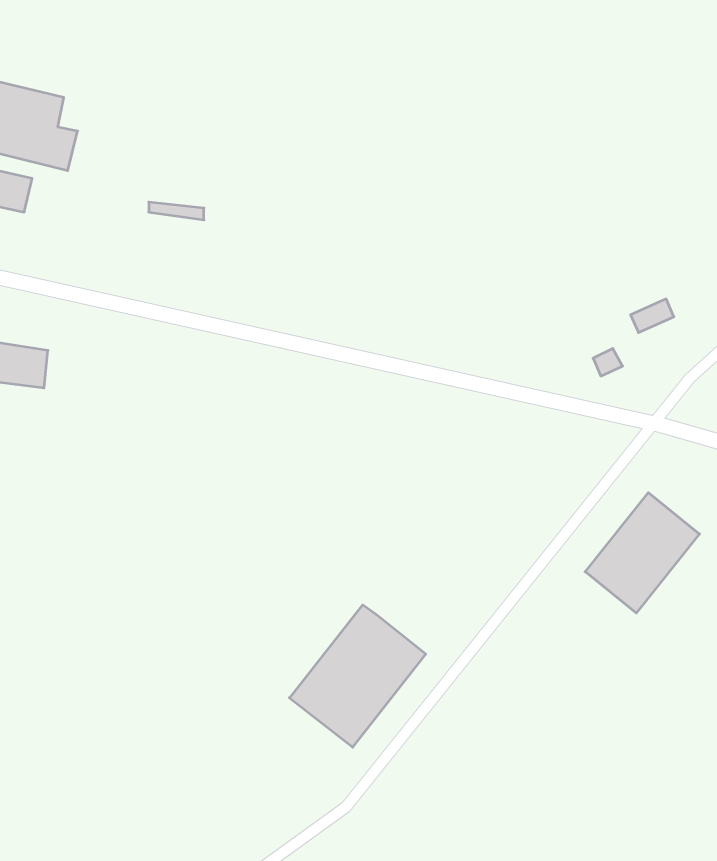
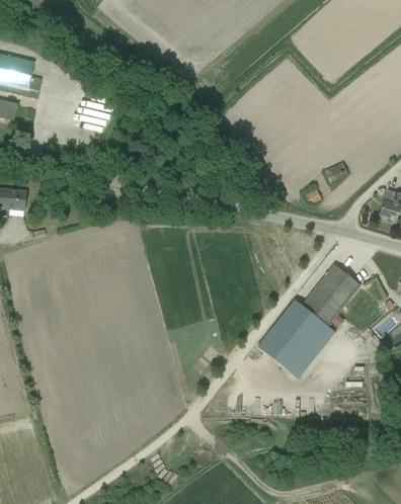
building: [289,605,426,747] -> [257,299,327,371]

